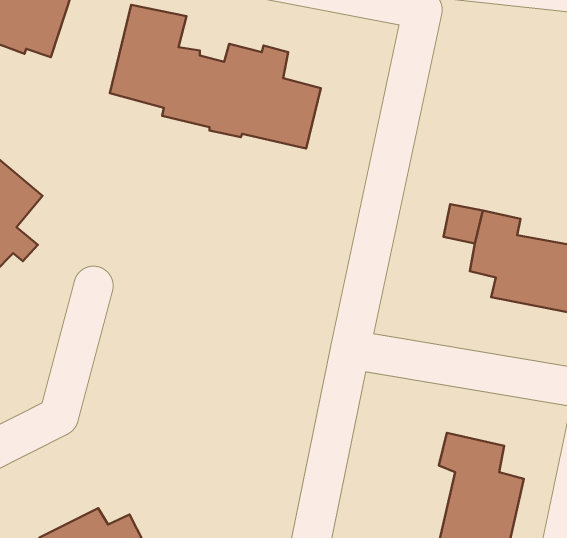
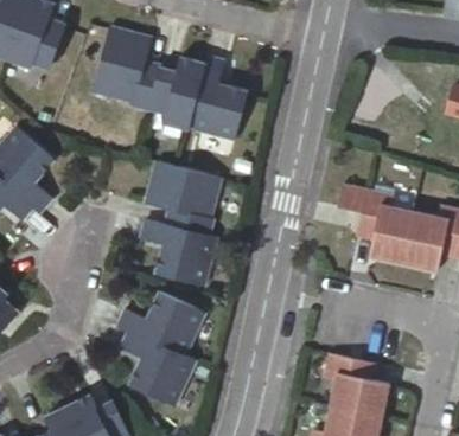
building: none -> [140,169,211,287]
building: none -> [108,294,187,405]

